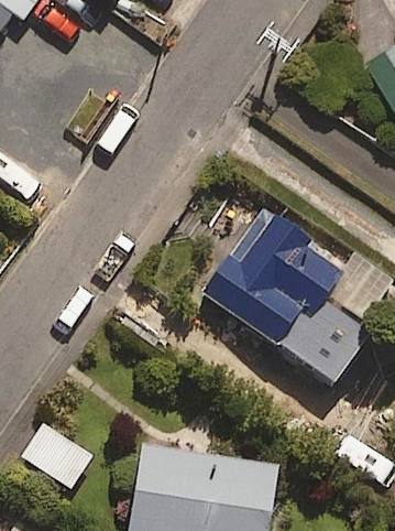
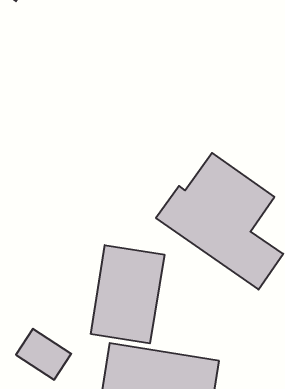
building: none -> [91,245,164,343]

